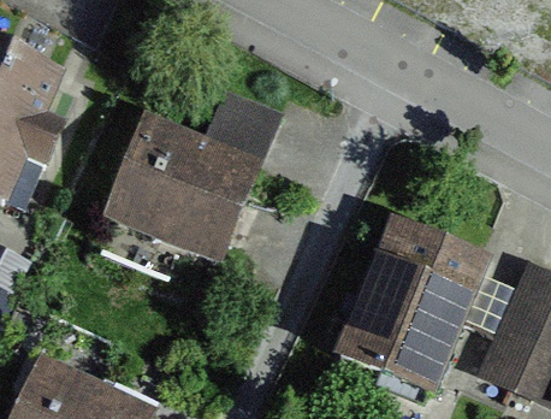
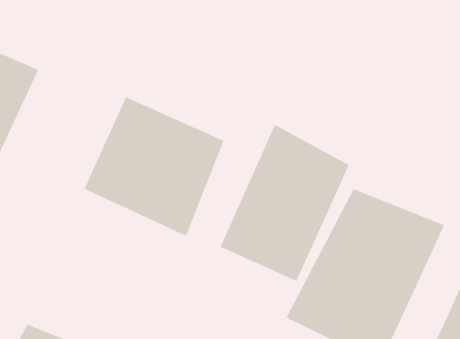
building: none -> [220,124,350,282]

